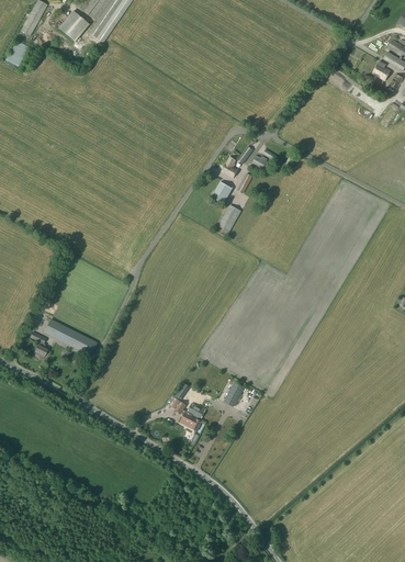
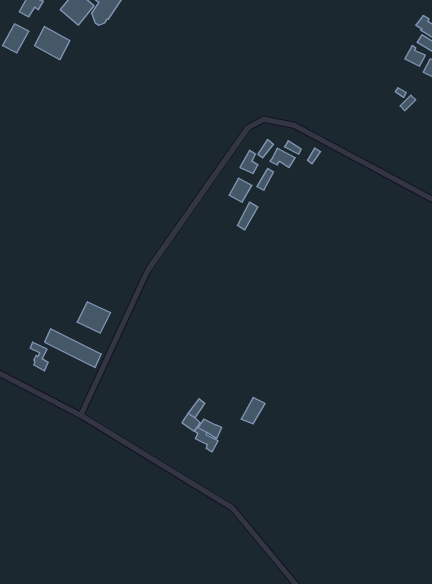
building: none -> [35,26,70,60]
building: none -> [77,302,111,333]

